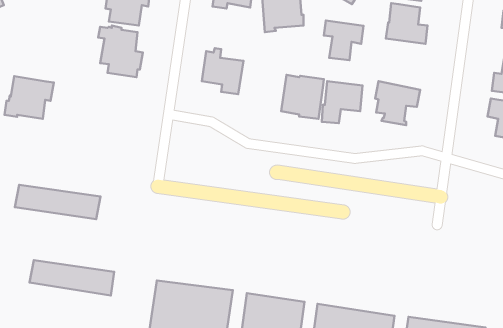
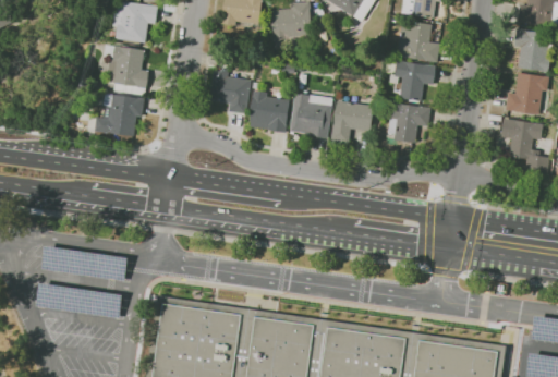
building: [324,20,363,60] -> [395,61,435,101]
building: none -> [248,90,290,133]
building: [4,76,54,119] -> [95,93,145,136]
building: [15,185,101,219] -> [39,246,126,281]

